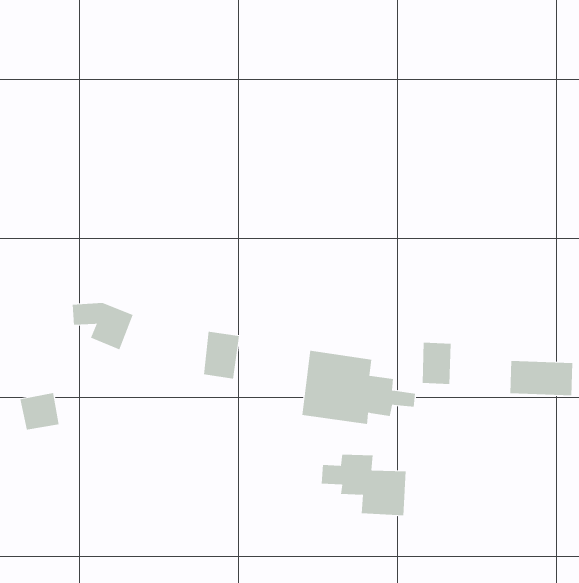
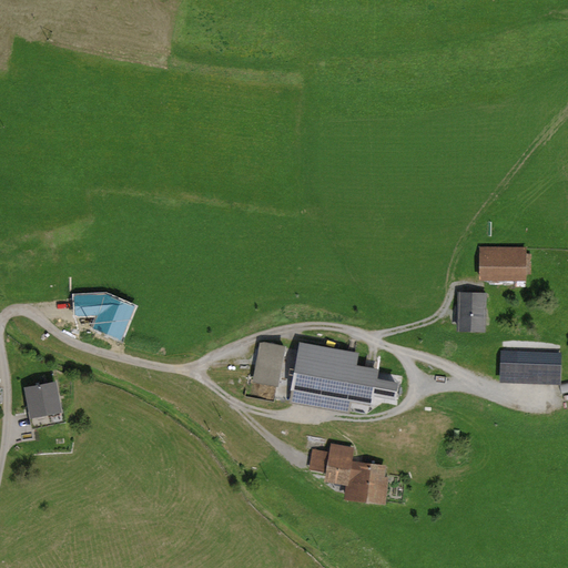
building: none -> [474,247,527,282]
building: [203,331,240,379] -> [256,342,292,388]
building: [422,342,451,384] -> [453,292,481,333]

